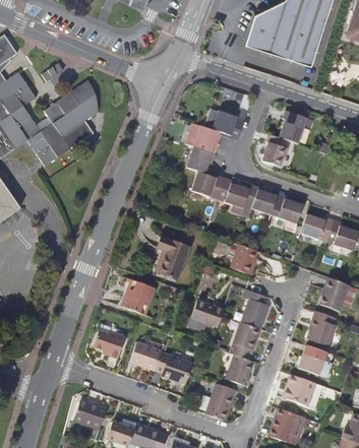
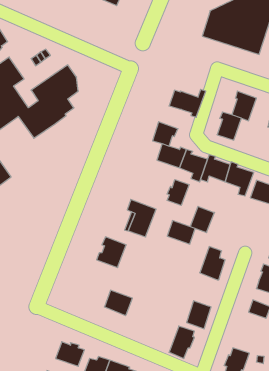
building: [185,122,220,153] -> none
building: none -> [167,180,189,205]
building: [191,300,224,327] -> [167,221,195,244]
building: [230,321,261,360] -> none
building: [93,330,126,359] -> none
building: [156,348,193,384] -> none
building: [285,375,315,405] -> none

